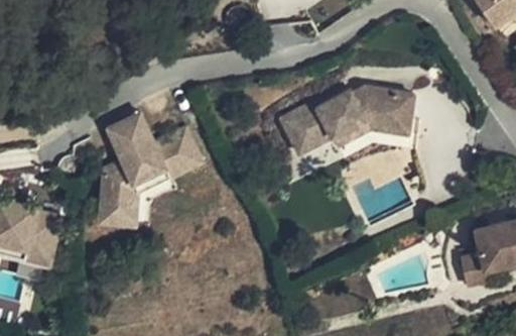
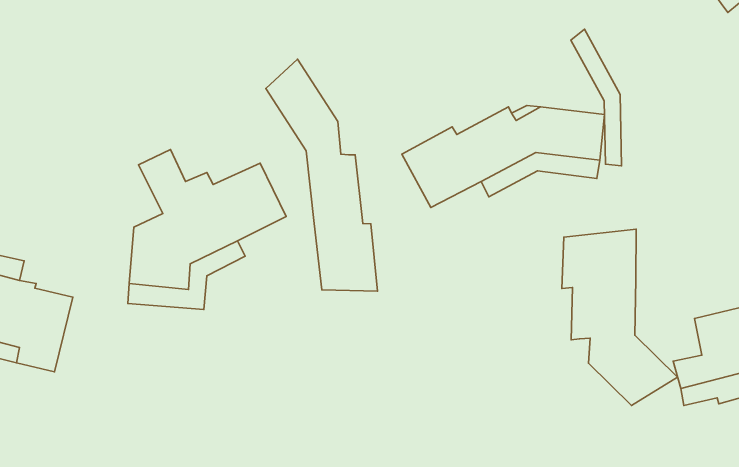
building: none -> [571,29,621,166]
building: none -> [266,59,378,291]
building: none -> [562,229,678,405]

